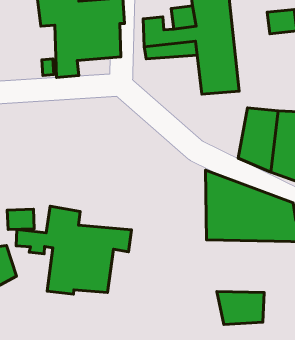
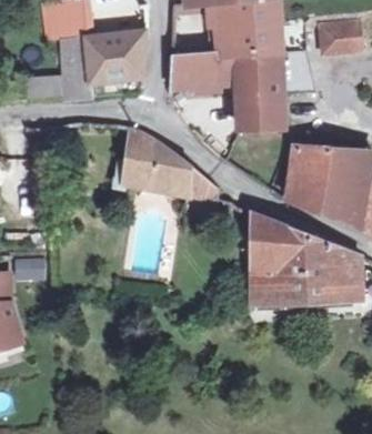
building: none -> [123,129,224,201]
building: [16,206,131,294] -> none
building: [217,292,264,324] -> none

